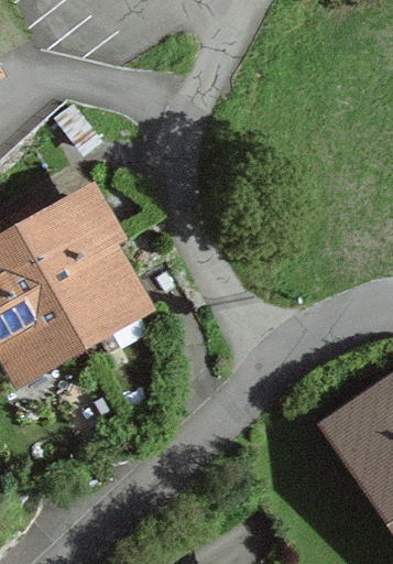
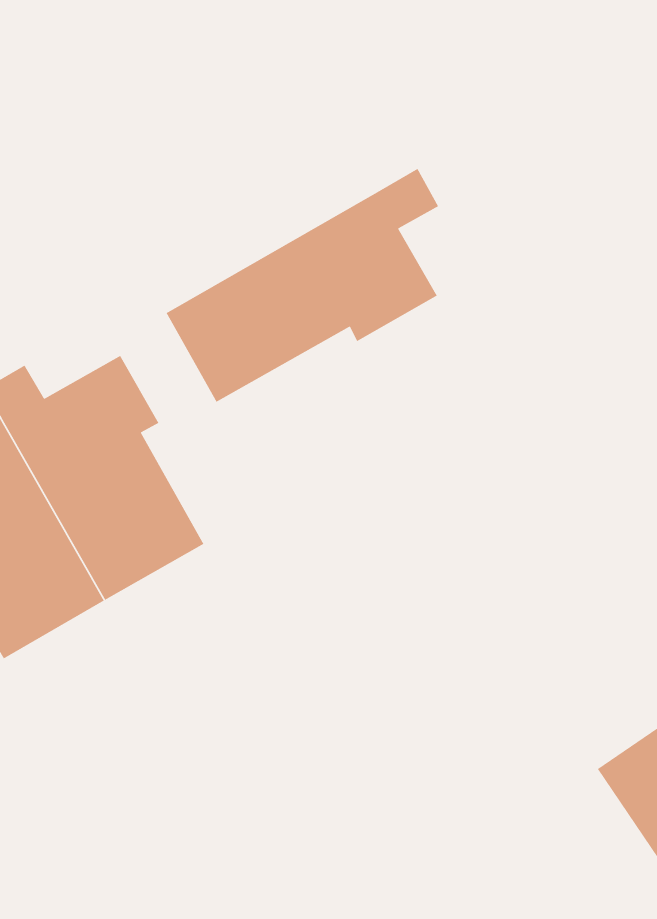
building: none -> [165,168,439,403]

